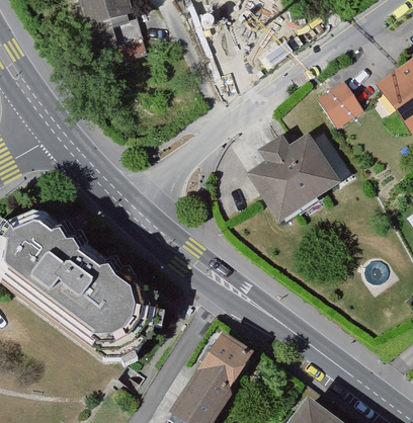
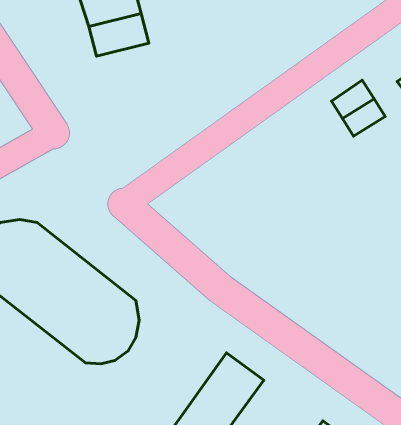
building: [252,137,345,224] -> none

